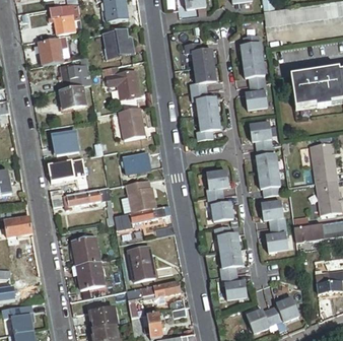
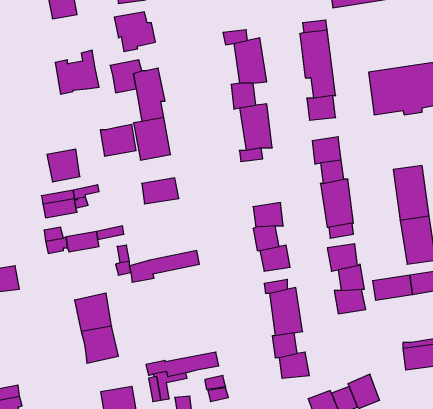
building: [39,37,63,65] -> none
building: [59,85,85,109] -> [100,124,136,156]
building: [124,179,155,212] -> none
building: [128,245,156,280] -> none

